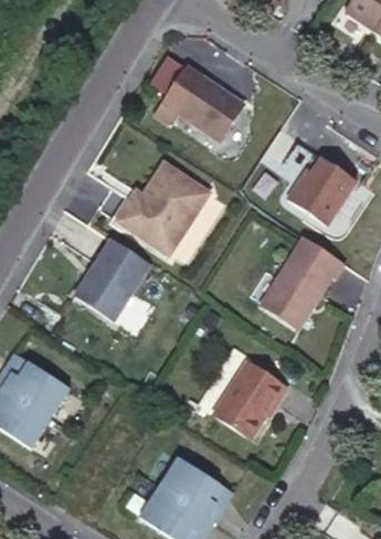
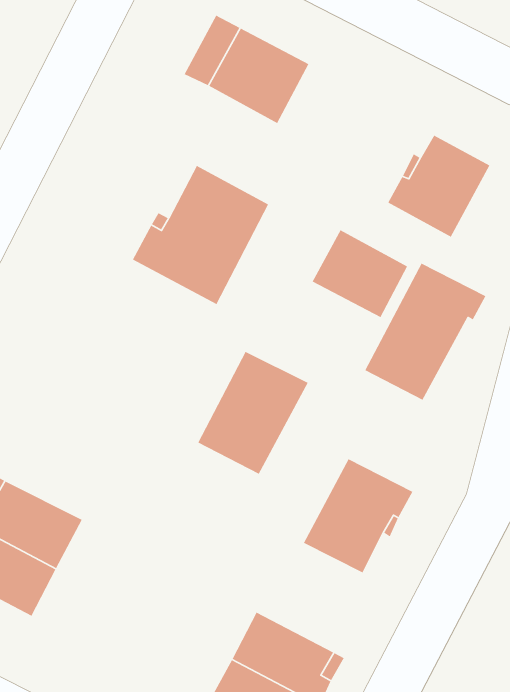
building: none -> [311,229,408,318]
building: [74,239,150,320] -> [197,351,309,475]

